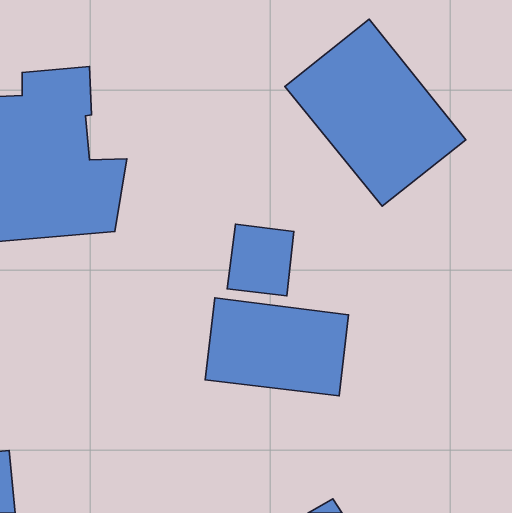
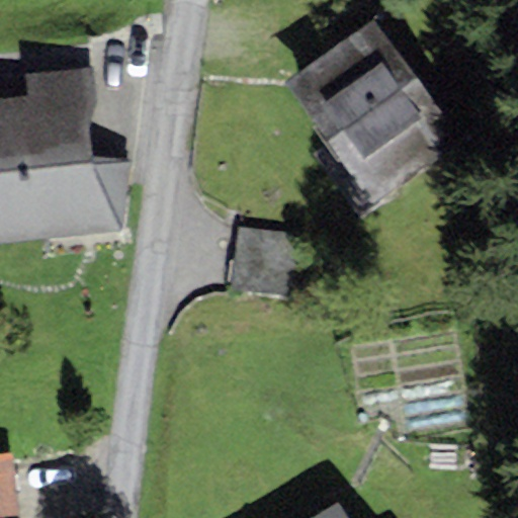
building: [205,298,348,396] -> none

